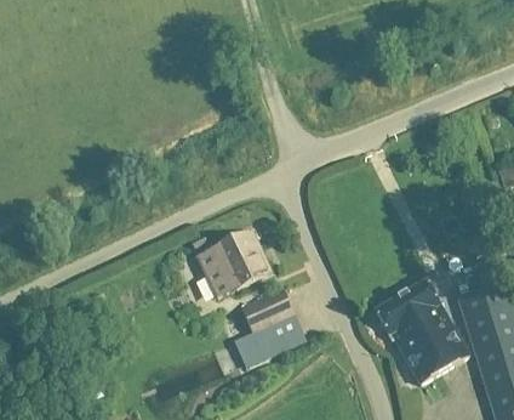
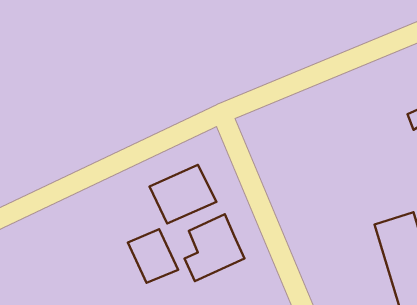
building: [375,279,469,382] -> none
building: none -> [128,229,178,283]

